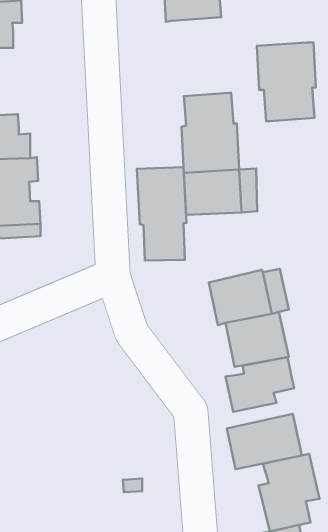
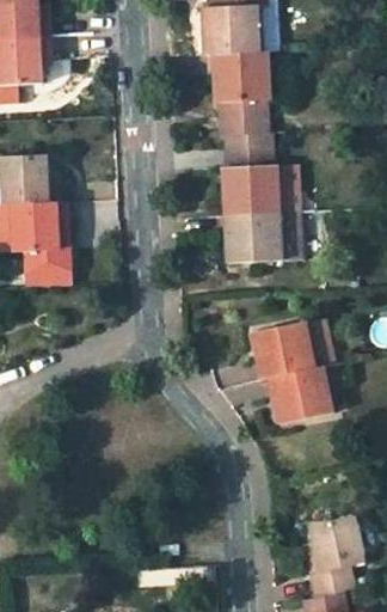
building: [257,42,316,121] -> [209,53,271,136]
building: [137,167,186,261] -> none
building: [225,357,294,412] -> none
building: [227,414,302,469] -> none

